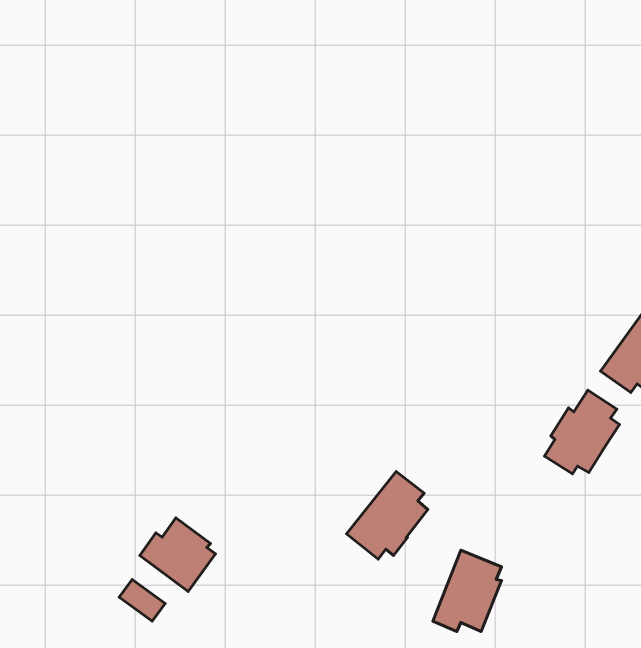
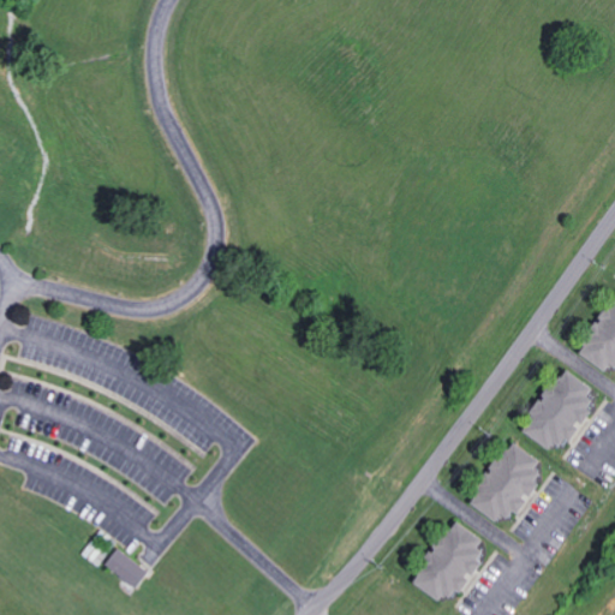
building: [347,472,428,559] -> [465,441,542,524]
building: [140,518,216,592] -> none

